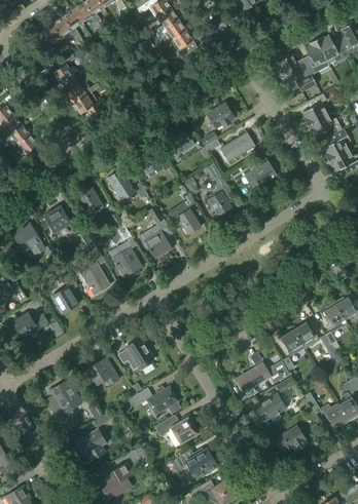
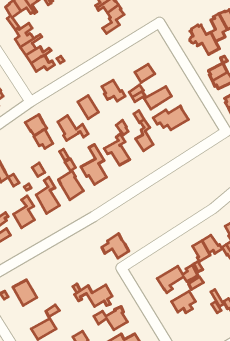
building: [43,206,71,233] -> [25,115,47,135]
building: [118,338,153,370] -> [102,233,129,258]
building: [82,358,118,385] -> none
building: [274,426,307,454] -> none

